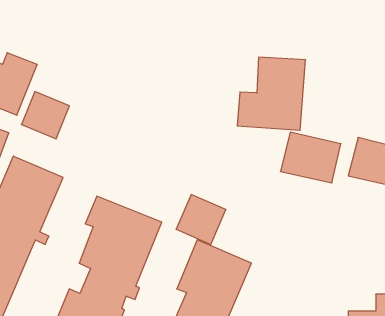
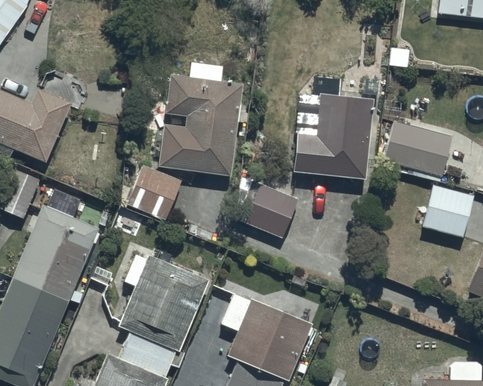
building: none -> [158,62,245,176]
building: [21,92,69,139] -> [127,166,181,219]
building: [280,132,341,183] -> [384,121,452,178]
building: [176,195,226,244] -> [243,184,299,240]

